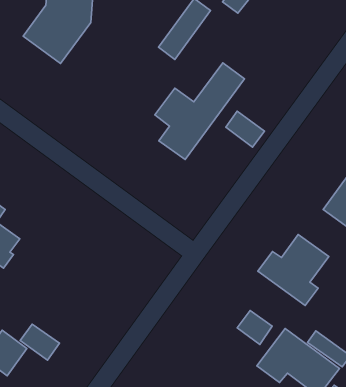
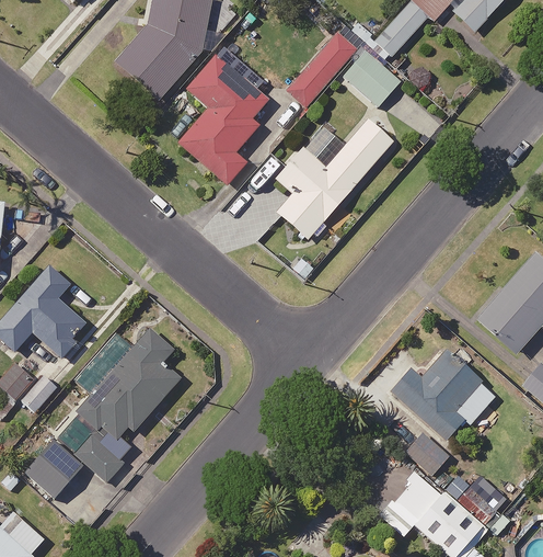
building: none -> [343,49,401,106]
building: none -> [176,53,268,184]
building: [226,111,265,147] -> none
building: none -> [74,325,182,440]
building: [237,310,272,344] -> [405,431,450,476]

